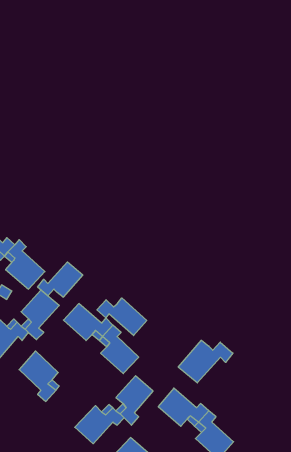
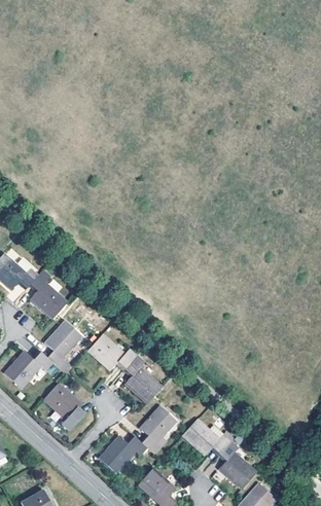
building: [38,262,83,297] -> none
building: [97,298,147,336] -> none
building: [178,340,233,383] -> none

